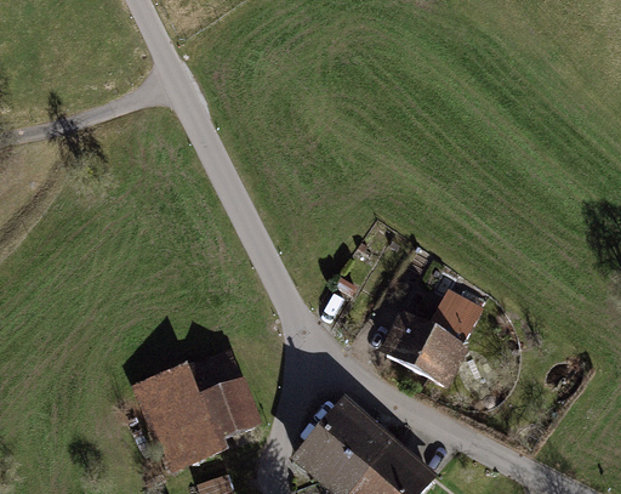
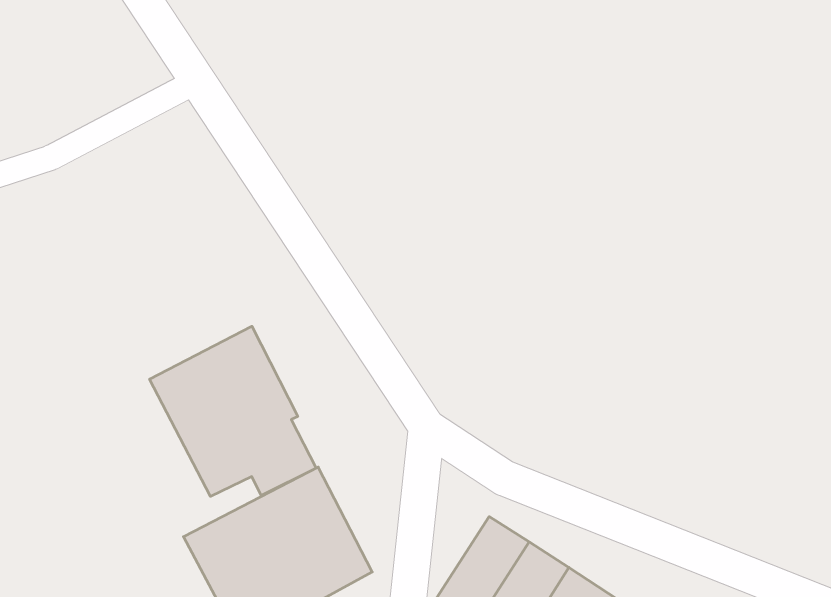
building: none -> [150,326,316,496]
building: [378,289,484,388] -> none

